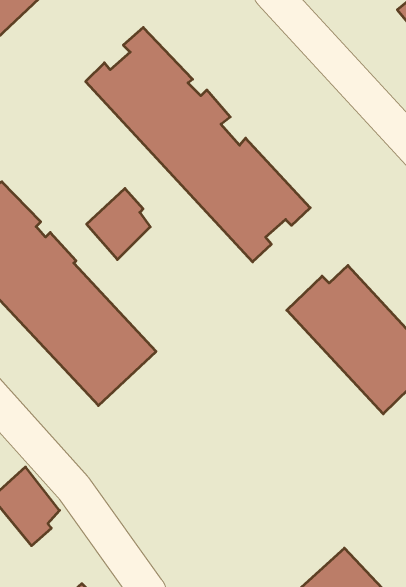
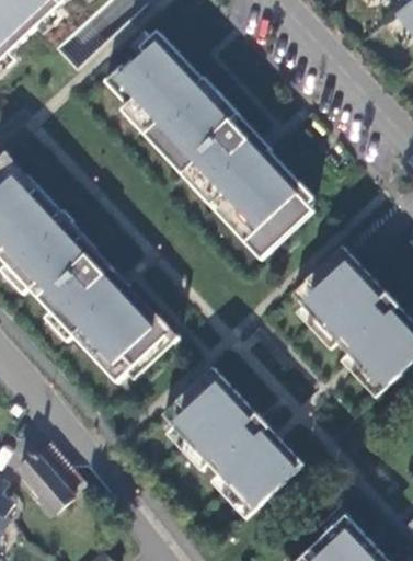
building: [87,188,150,260] -> none
building: none -> [161,376,302,513]

